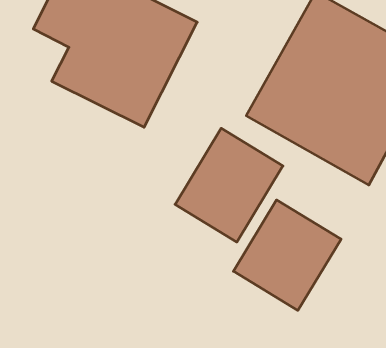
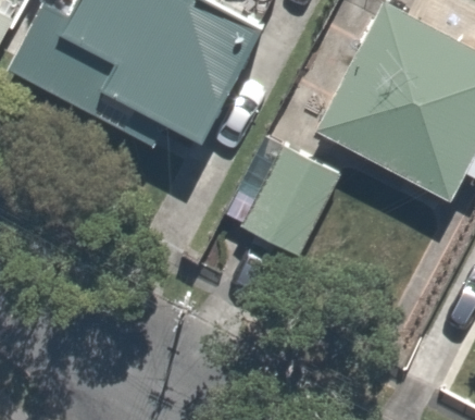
building: [233,200,341,310] -> none

